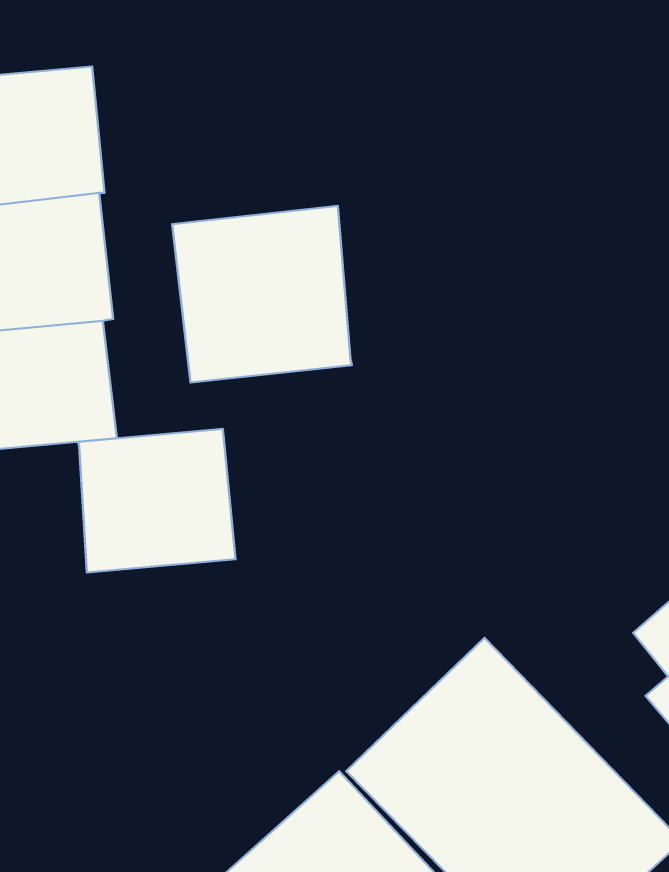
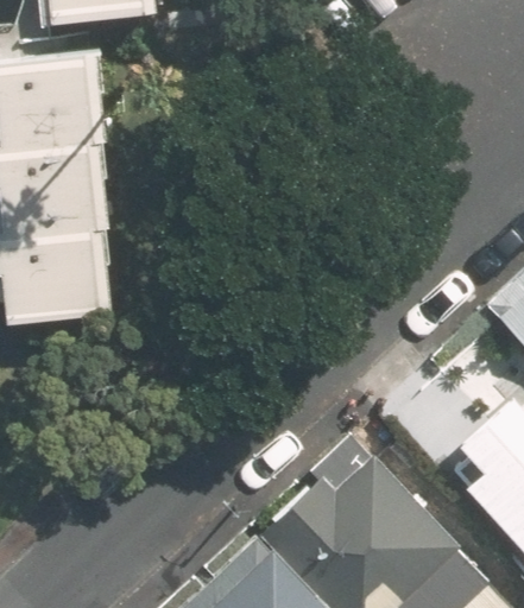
building: [172,206,352,383] -> none
building: [78,429,235,573] -> none

